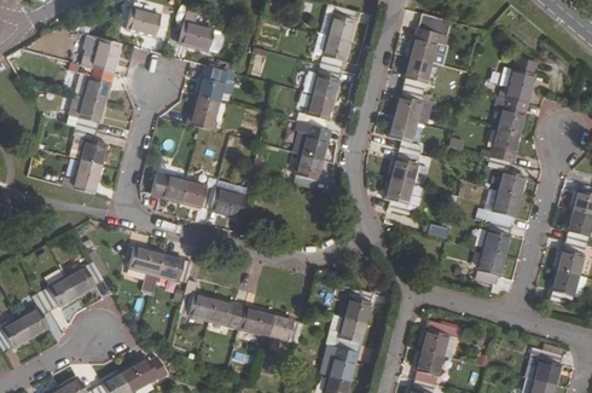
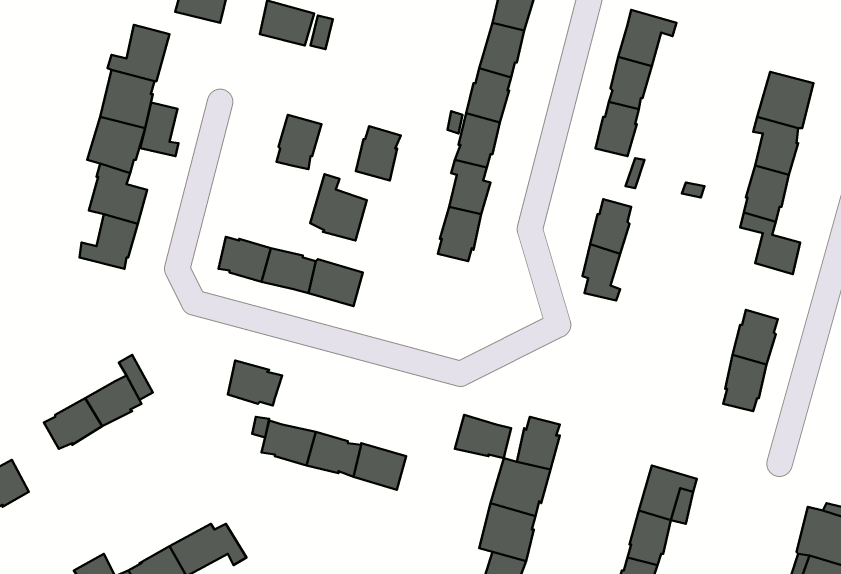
building: [197,64,226,99] -> [356,126,401,180]
building: none -> [140,102,179,156]
building: [389,115,420,152] -> none
building: none -> [310,174,367,241]
building: [483,187,522,225] -> none
building: [129,245,163,294] -> none
building: [19,291,50,336] -> none
building: [267,313,303,341] -> [455,415,511,458]

